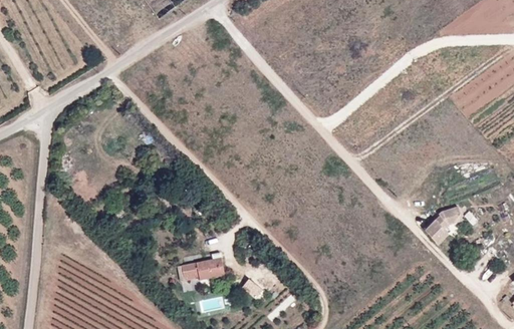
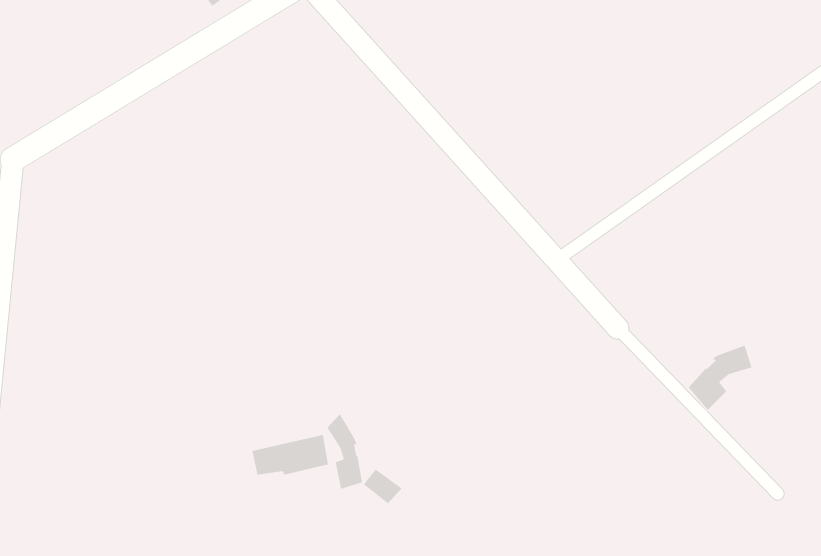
building: none -> [327,413,363,490]

